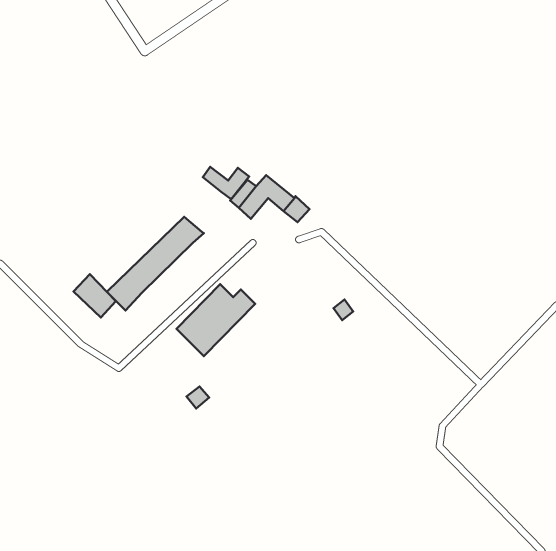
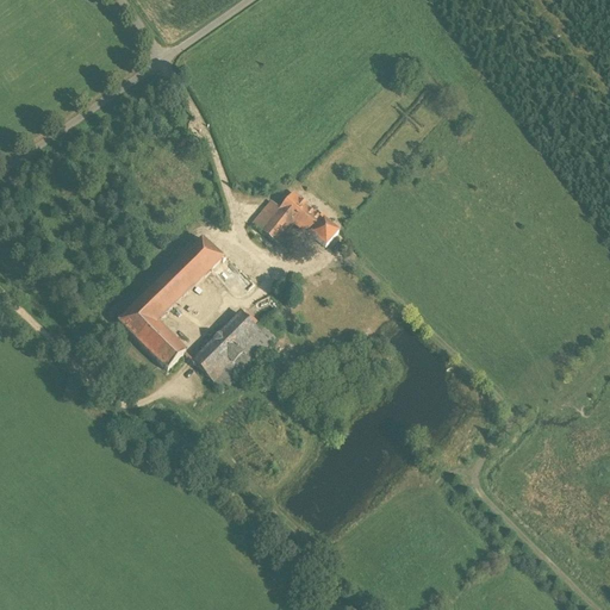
building: [203,167,249,199] -> none
building: [73,274,116,318] -> [138,320,185,368]

